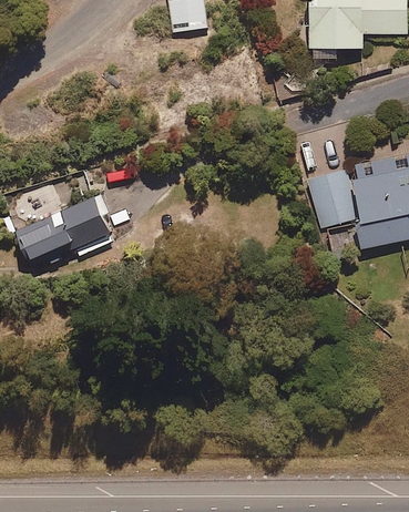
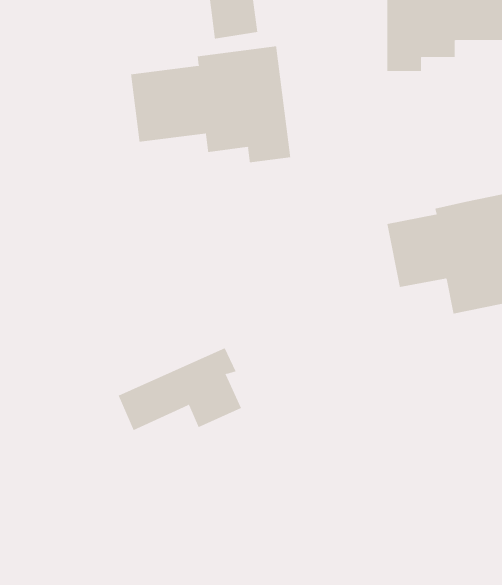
building: none -> [130,46,291,163]
building: [16,194,113,259] -> [118,348,242,431]

